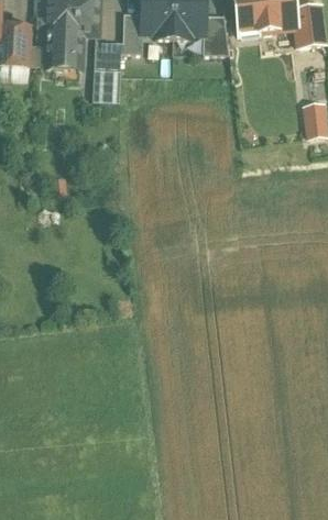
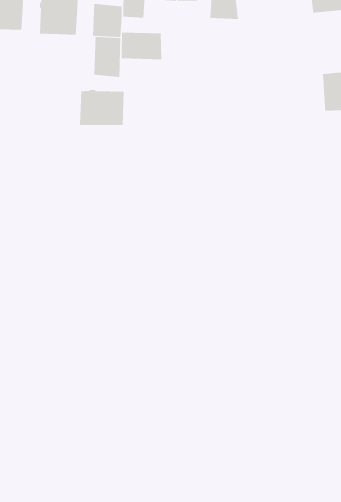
building: none -> [121,32,162,60]
building: none -> [80,89,124,126]

